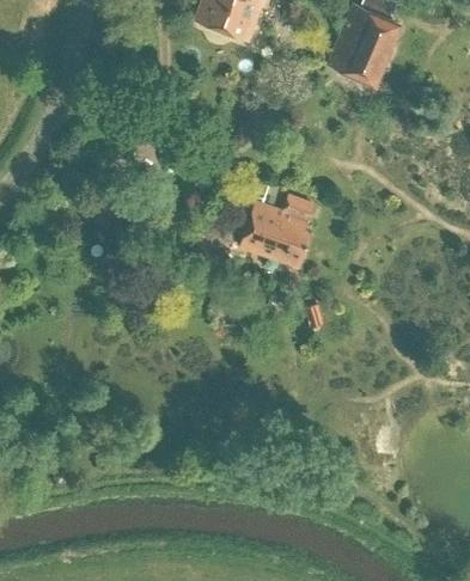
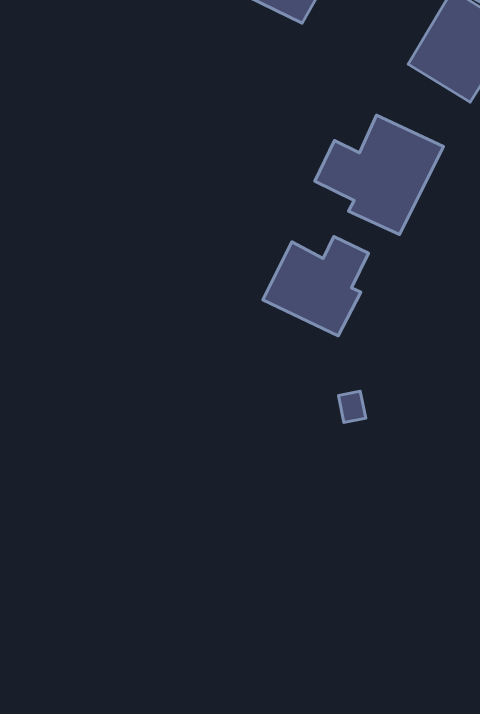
building: none -> [315,115,443,235]

